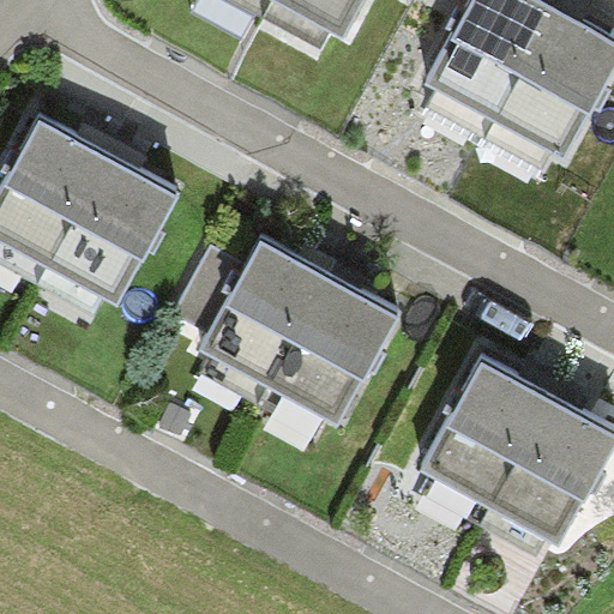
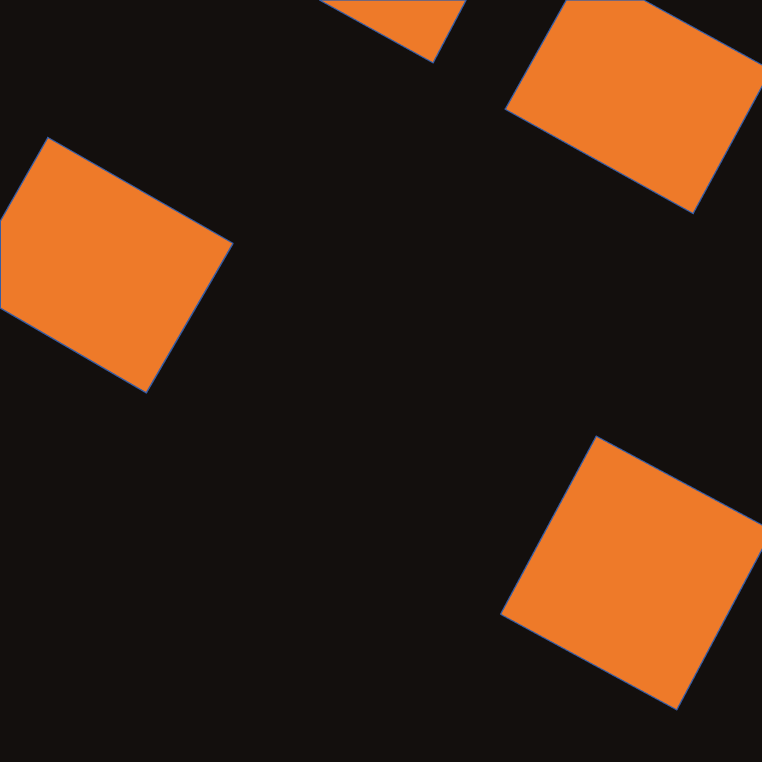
building: [179,219,416,449] -> none

